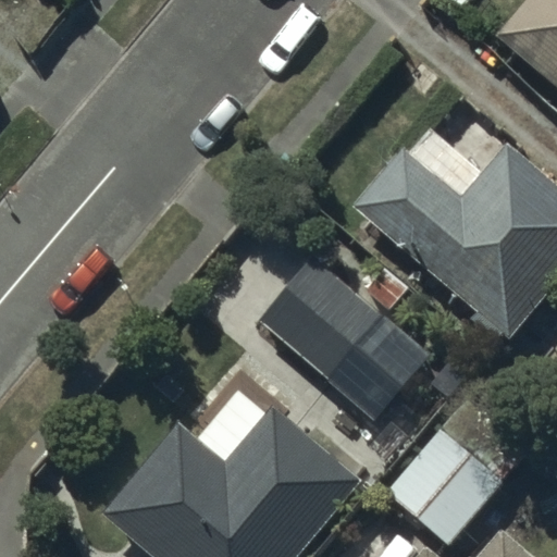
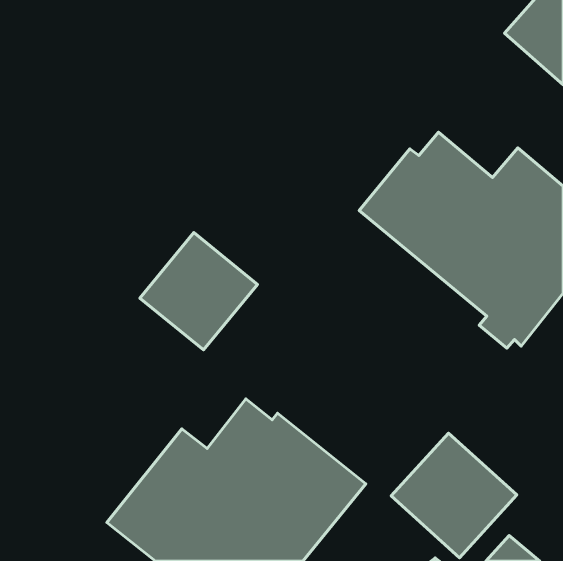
building: none -> [140,233,257,350]
building: [263,261,383,380] -> none

